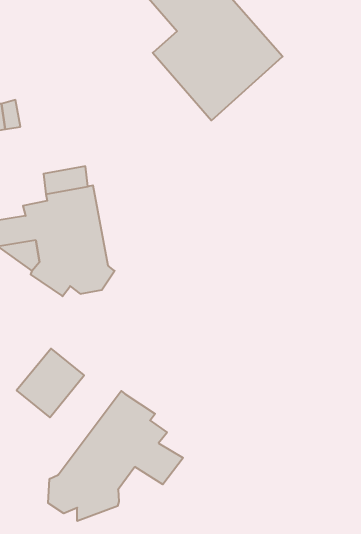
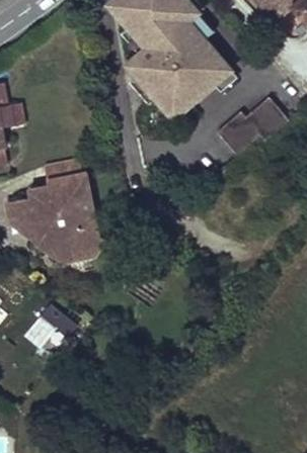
building: none -> [218,98,290,156]
building: [48,391,183,521] -> none

